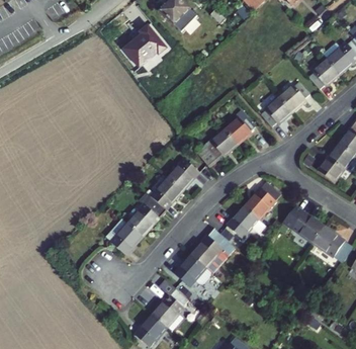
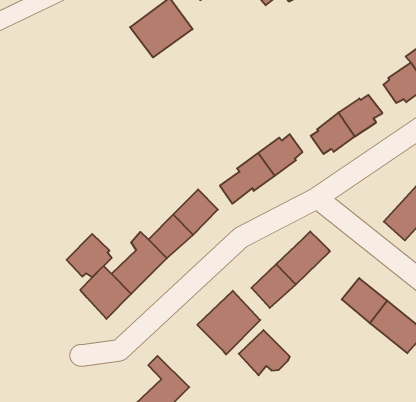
building: none -> [67,234,112,277]
building: [175,254,211,286] -> [239,330,290,375]

